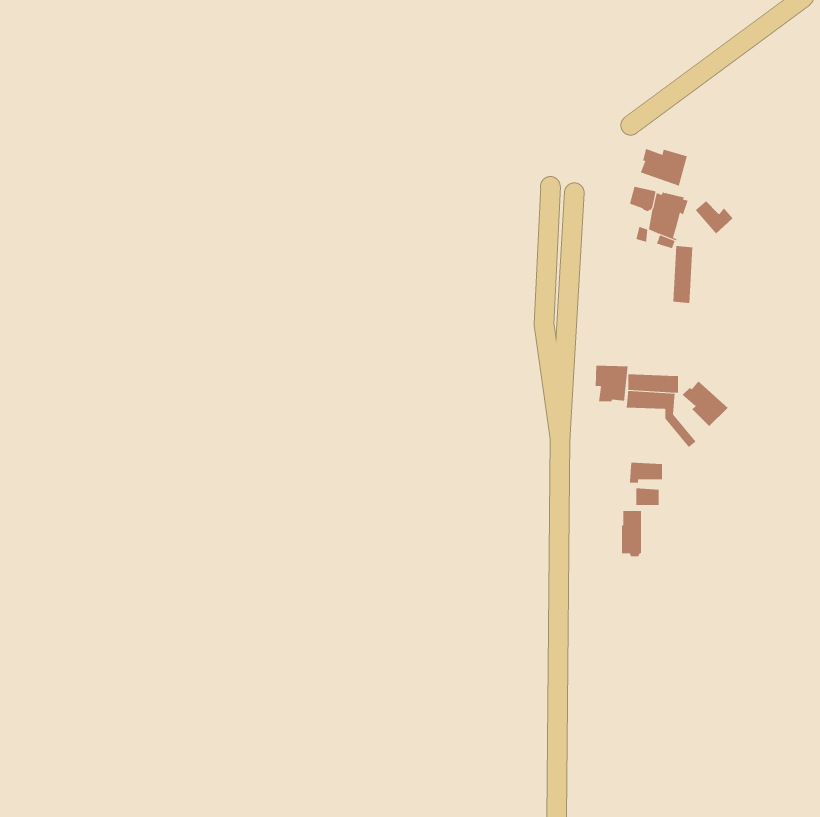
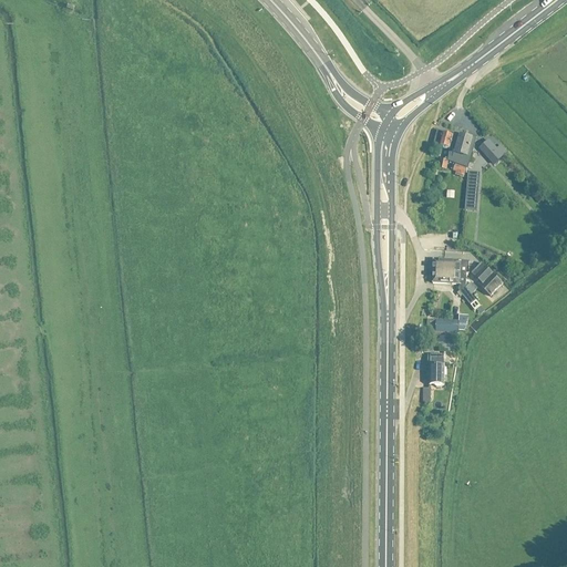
building: [640,148,688,186] -> none
building: [595,365,628,402] -> none

